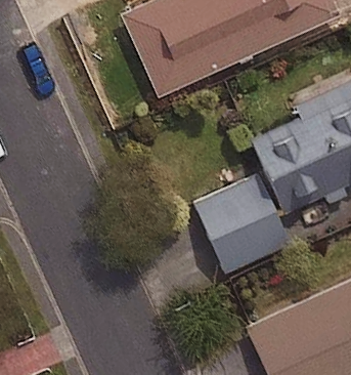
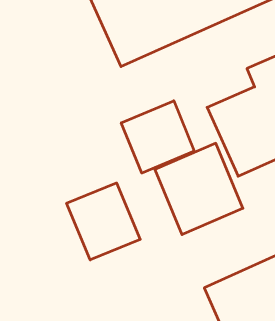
building: none -> [121,101,194,173]
building: none -> [67,183,140,260]

